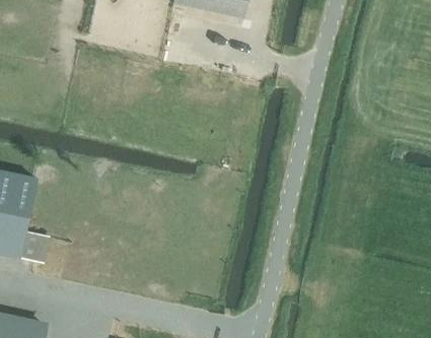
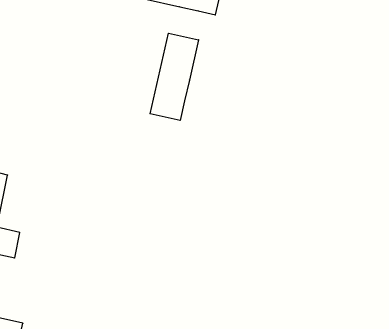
building: none -> [150,33,199,120]

